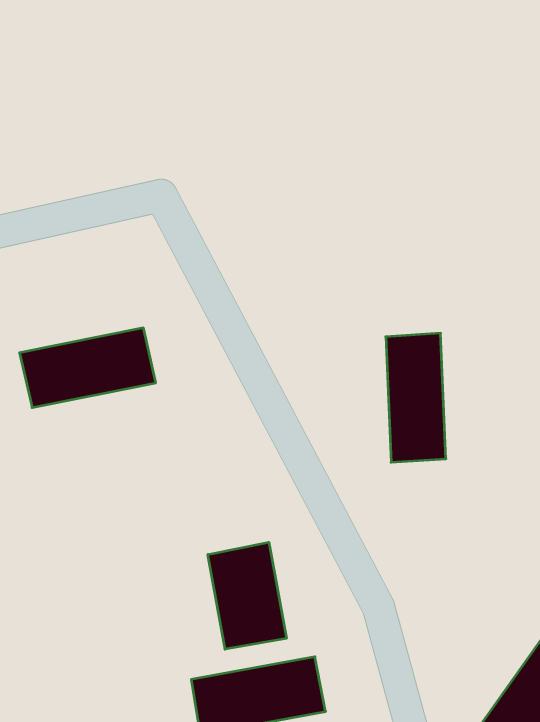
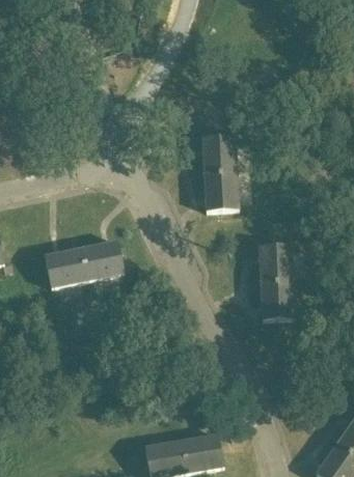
building: none -> [202,135,239,211]
building: [208,542,286,649] -> none

